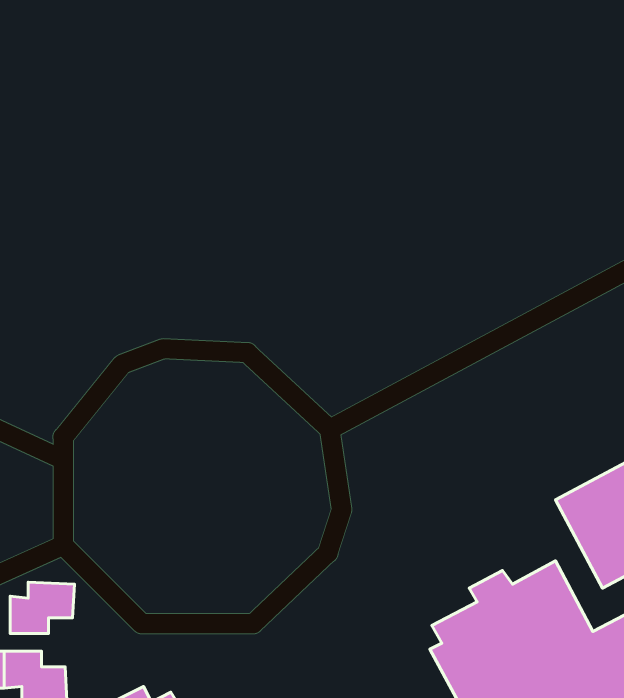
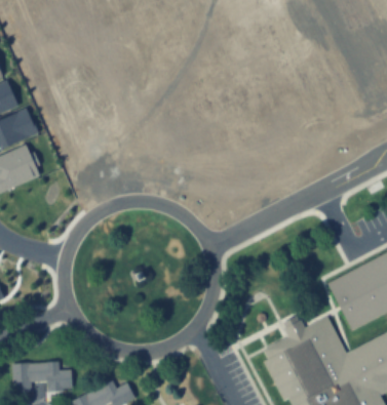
building: [10,582,75,634] -> none

